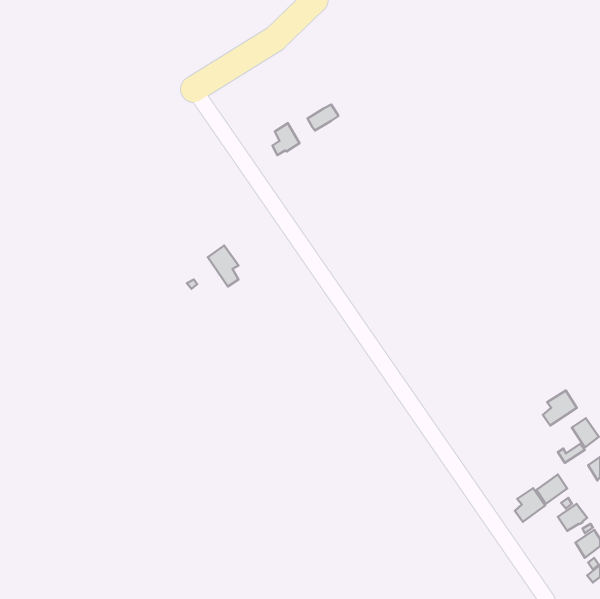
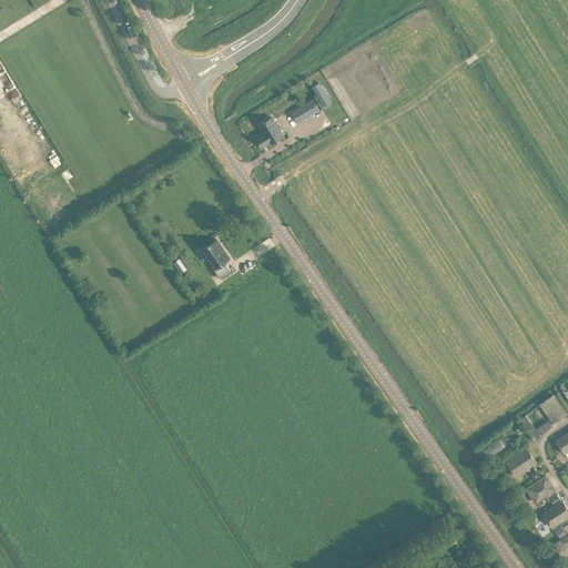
building: [543,390,577,426] -> none
building: [515,488,545,522] -> none

